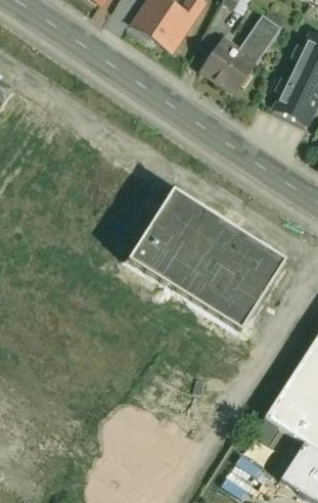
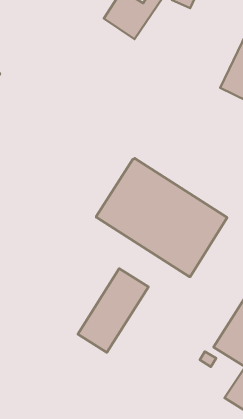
building: [203,12,280,88] -> none
building: none -> [78,269,148,352]

